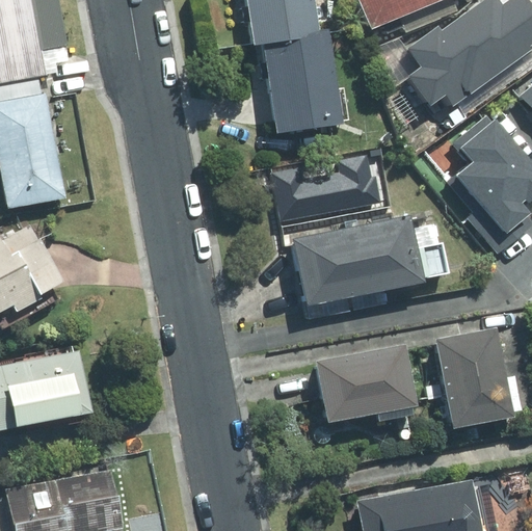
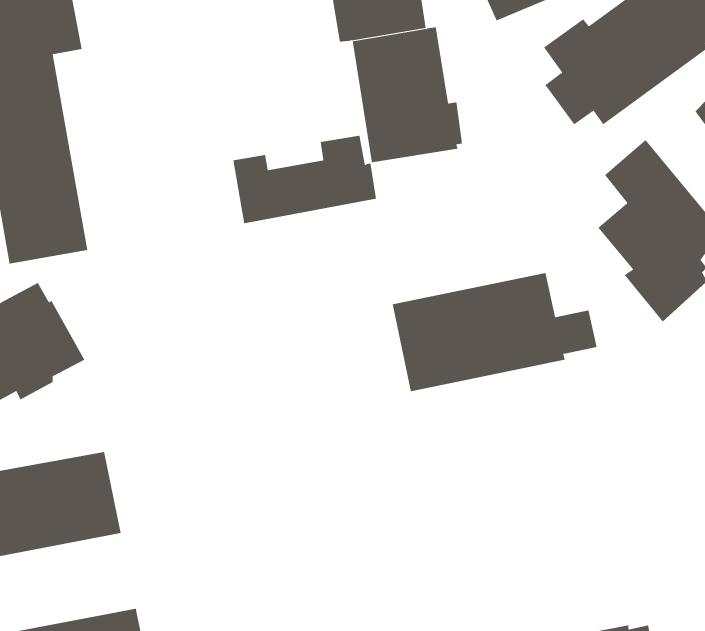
building: [271,155,379,221] -> [232,135,377,224]
building: [436,328,521,428] -> none
building: [317,345,417,422] -> none

